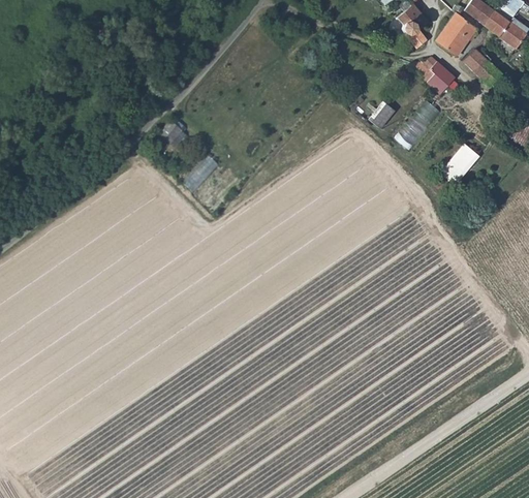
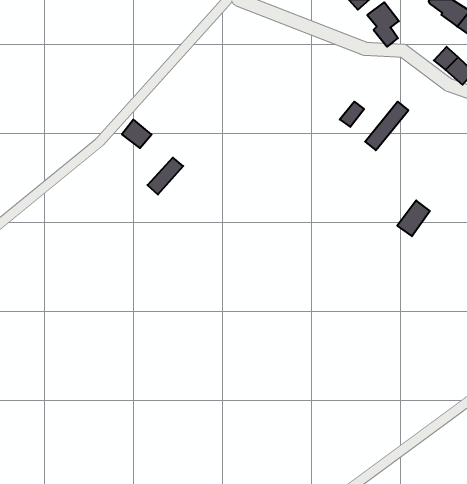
building: [437,12,477,56] -> none
building: [425,57,462,92] -> none
building: [445,144,477,179] -> [397,200,430,236]

